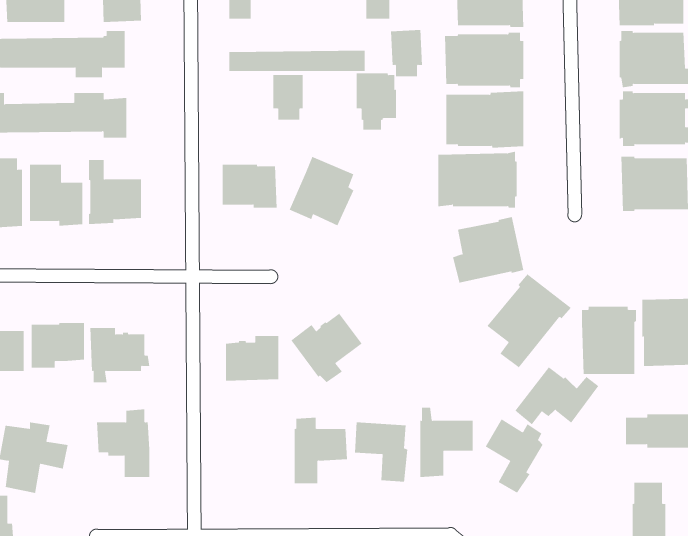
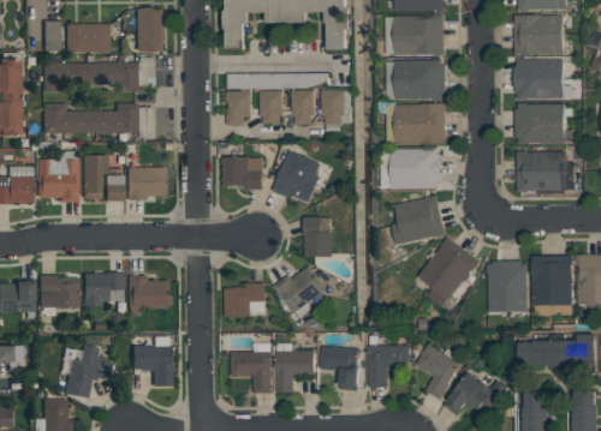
building: [390,29,423,77] -> [291,89,315,124]
building: none -> [226,90,251,125]
building: none -> [303,216,332,257]
building: [514,366,599,425] -> [444,372,506,415]
building: none -> [231,342,270,393]

